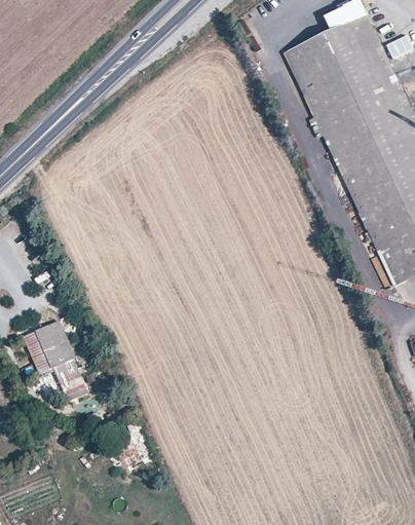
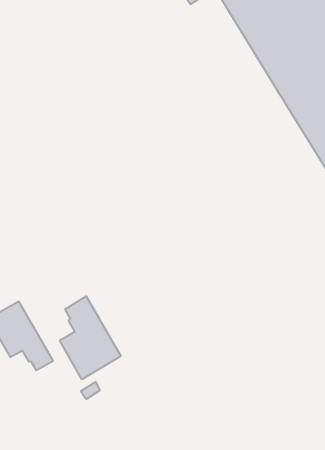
building: none -> [60,296,121,379]

